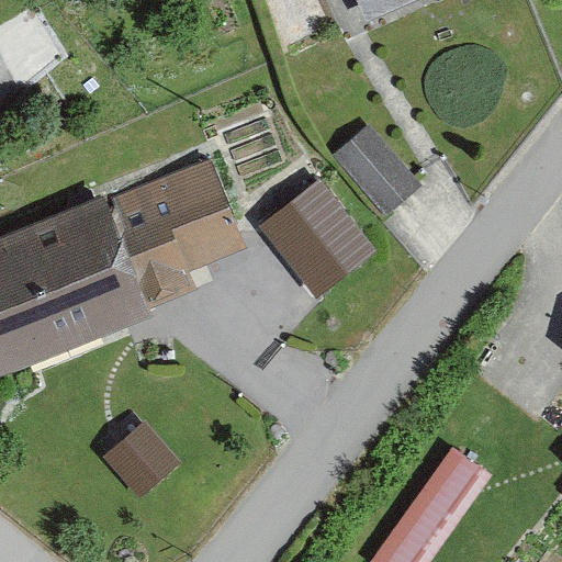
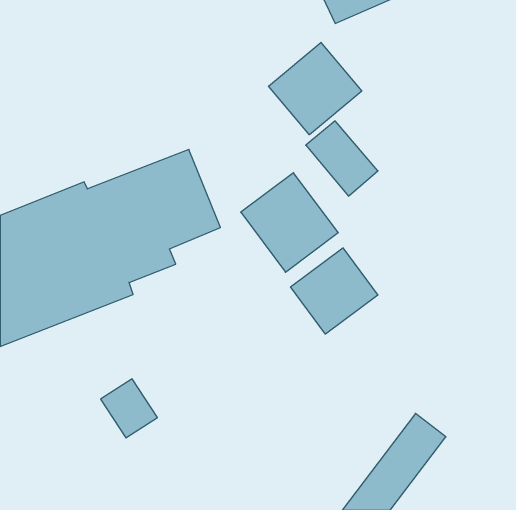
building: none -> [269,42,362,135]
building: none -> [291,248,378,334]

